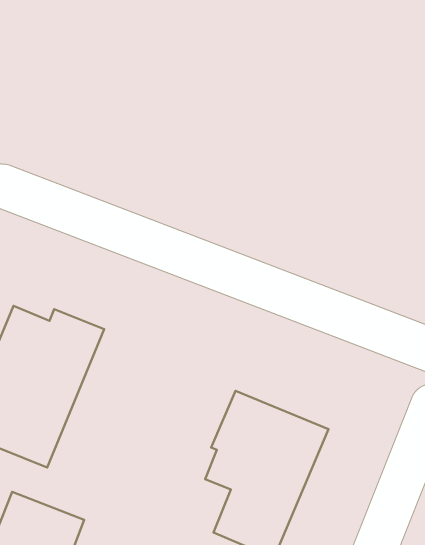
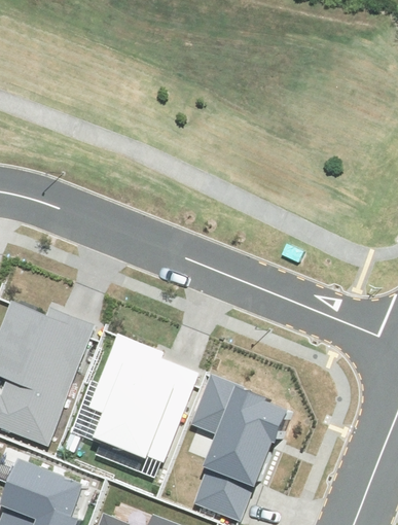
building: none -> [88,328,194,467]

